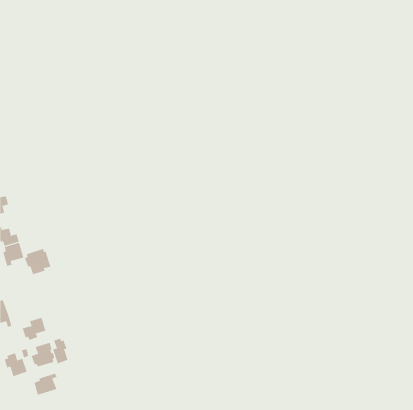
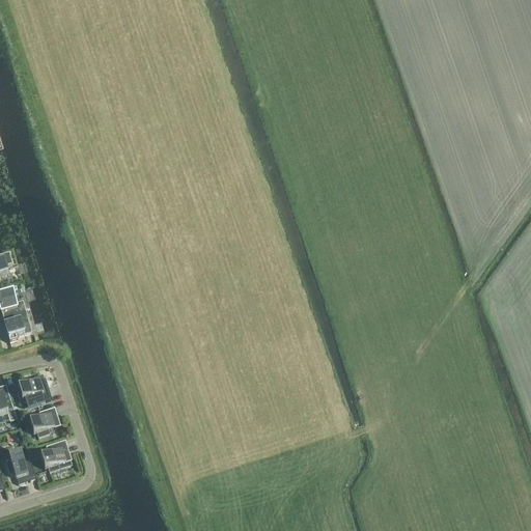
building: [24,248,51,275] -> [17,374,51,409]
building: [53,338,68,364] -> none
building: [34,373,58,396] -> none

